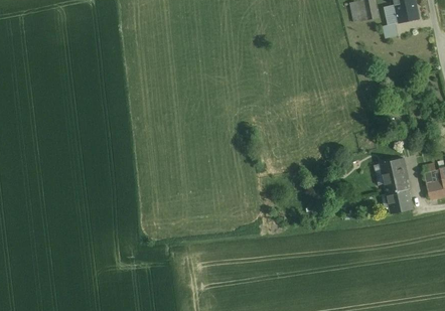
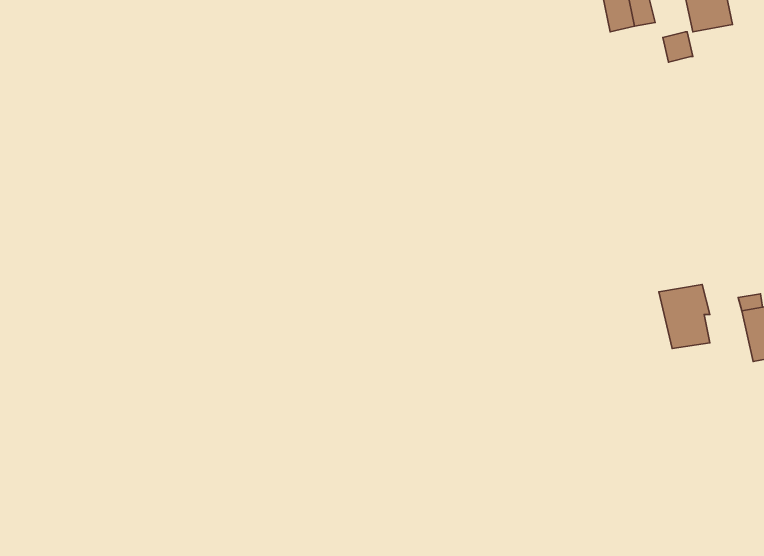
building: [387,189,411,212] -> none

